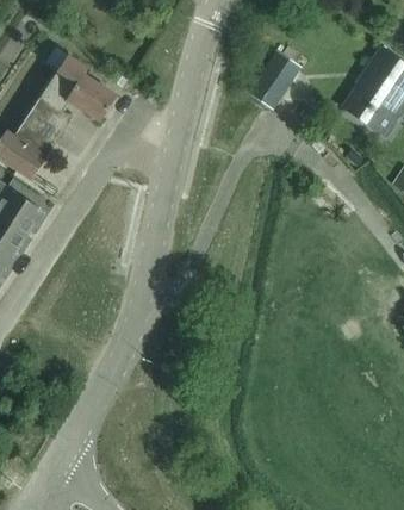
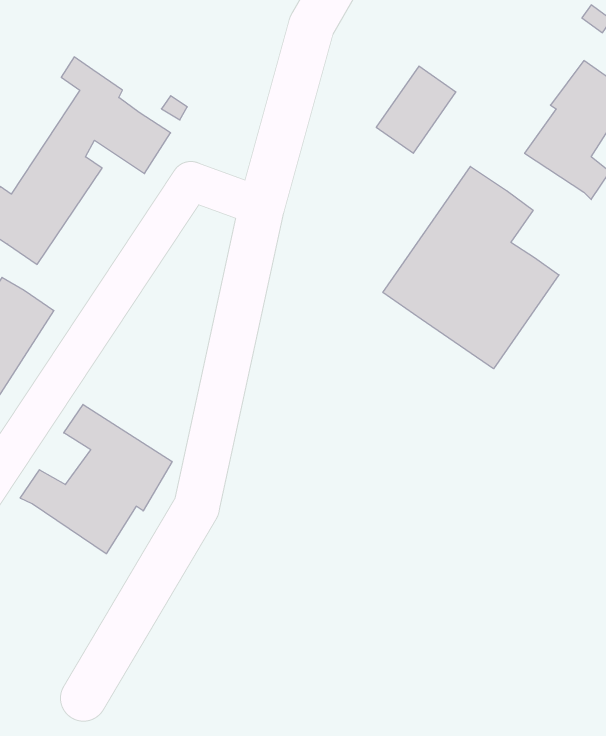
building: none -> [383,166,559,369]
building: none -> [20,404,172,554]

